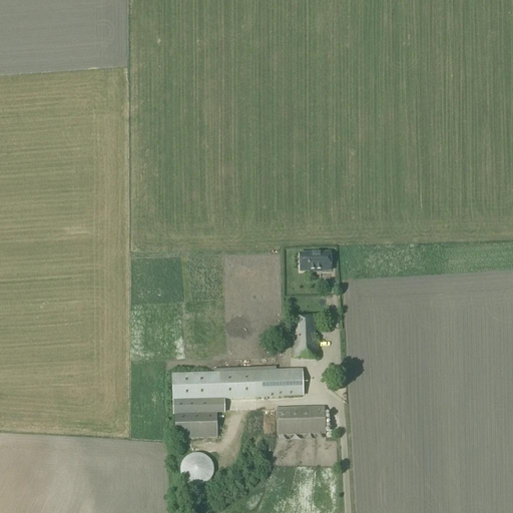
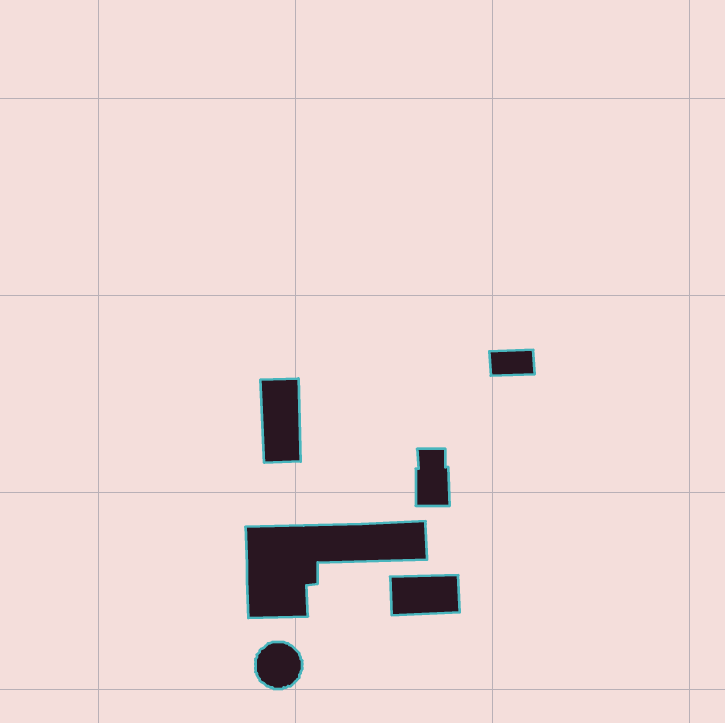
building: [299,252,331,271] -> [489,350,535,376]
building: none -> [261,378,301,463]

